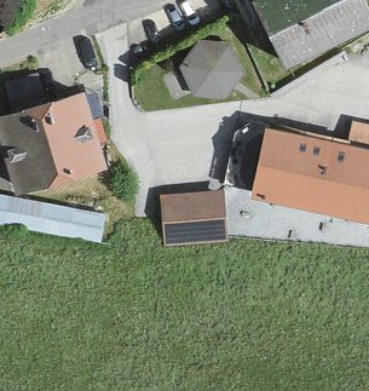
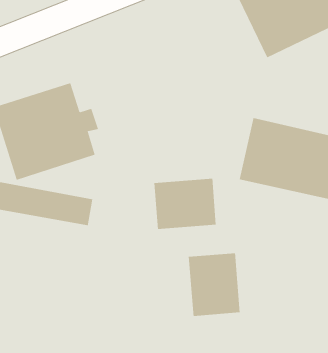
building: [180,41,243,99] -> none
building: none -> [188,252,240,317]

